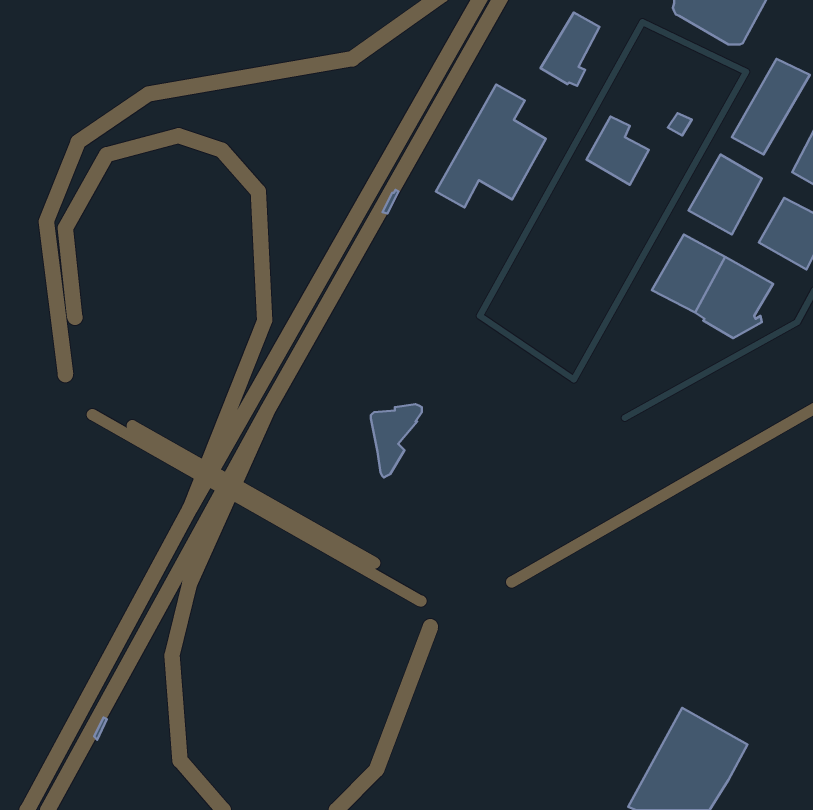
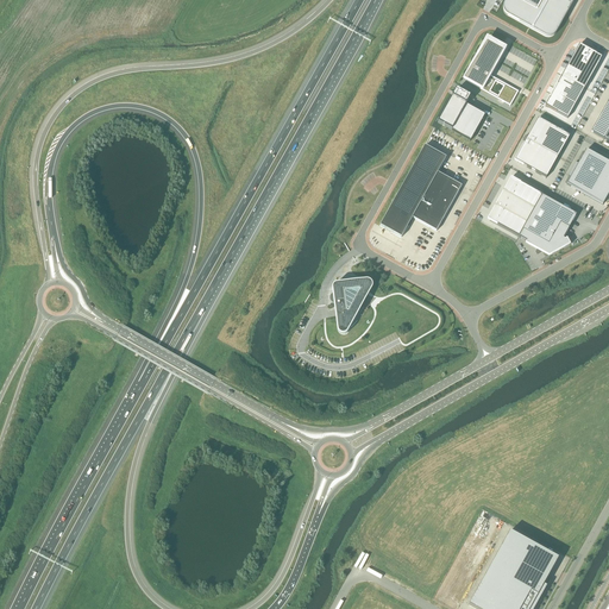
building: [540,12,599,86] -> [463,33,507,88]
building: [436,85,546,207] -> [381,143,463,234]
building: [371,404,422,477] -> [334,277,372,332]

